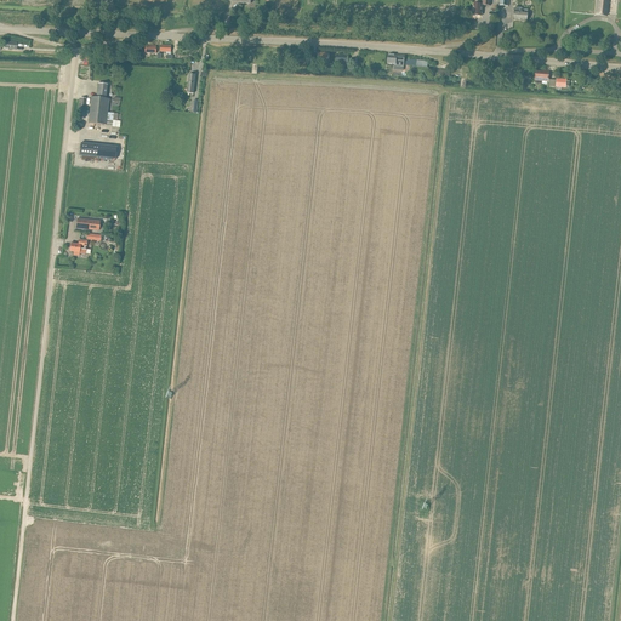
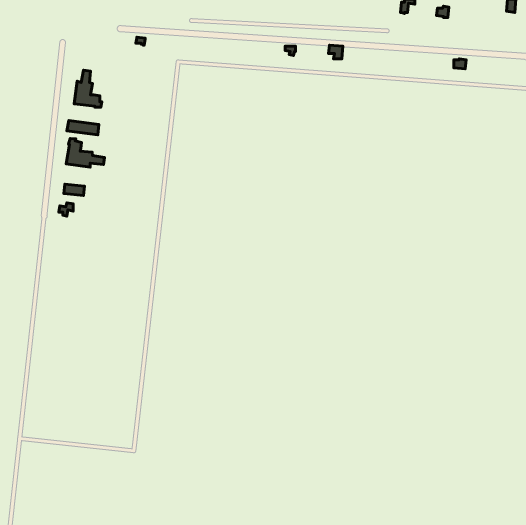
building: none -> [66,138,104,167]

